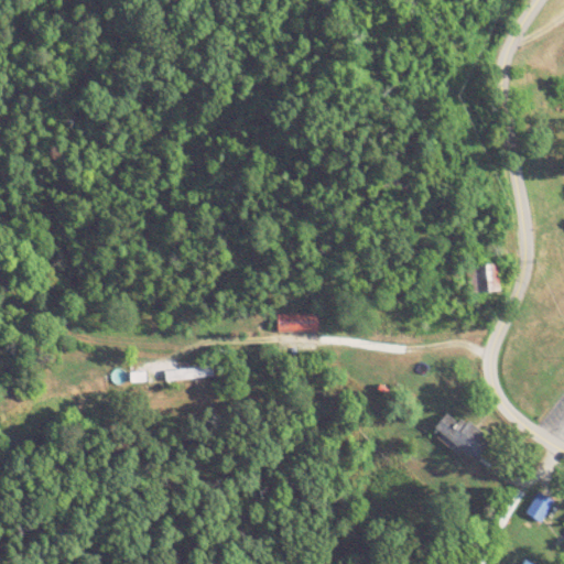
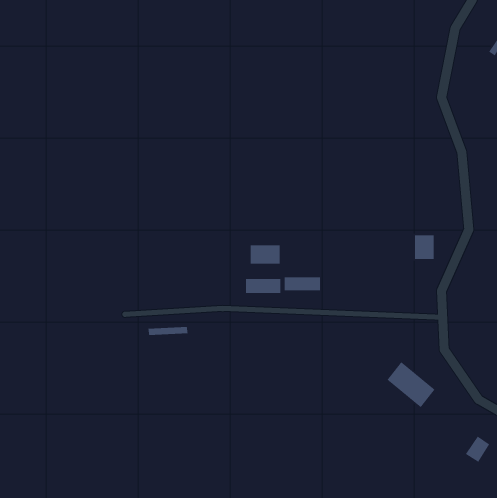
building: none -> [250,245,280,264]
building: none -> [284,277,321,291]

